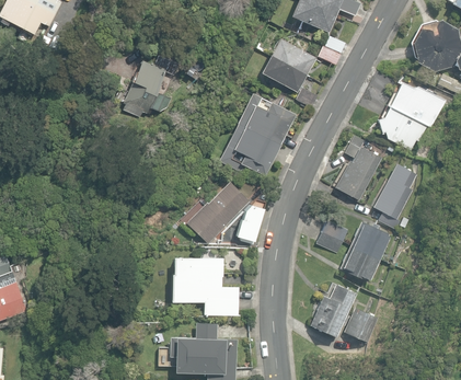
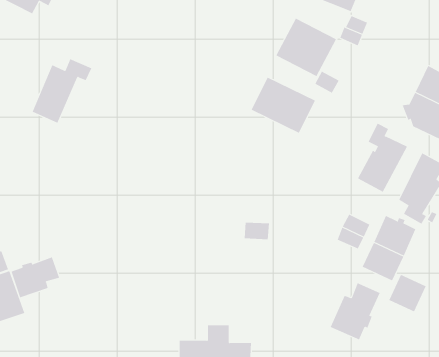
building: [124,54,180,114] -> [32,59,92,124]
building: [219,123,283,175] -> none
building: [182,181,251,243] -> none
building: [173,256,239,313] -> none
building: none -> [11,256,60,298]
building: [345,307,380,342] -> [389,274,426,312]

